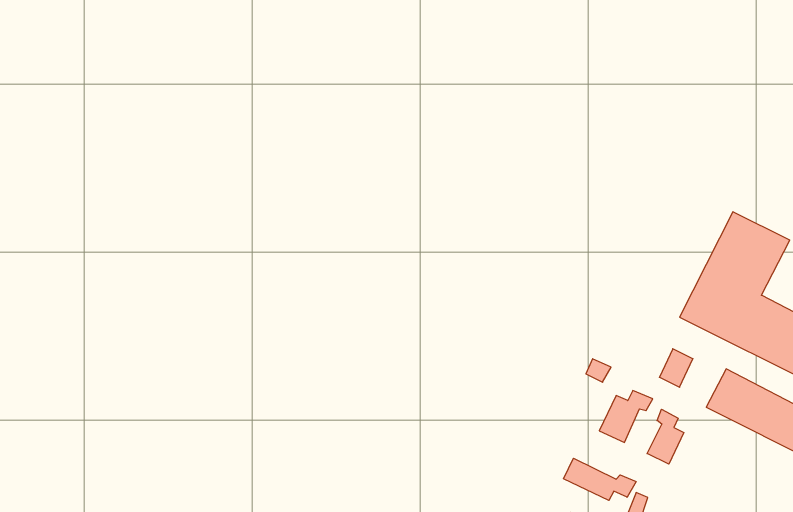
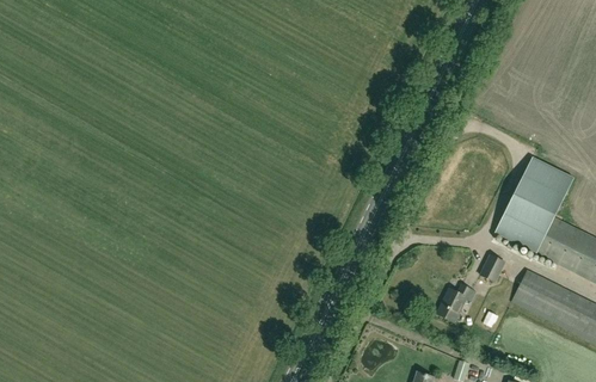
building: [647,409,684,464] -> none
building: [563,458,636,500] -> none

